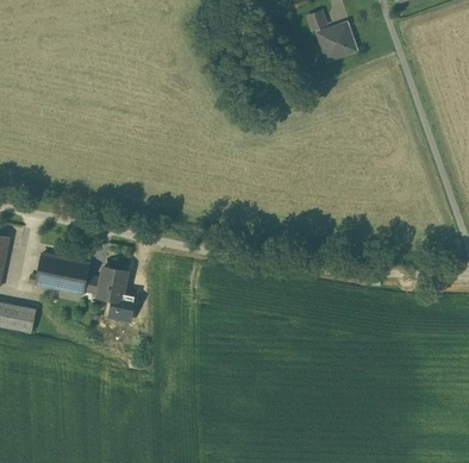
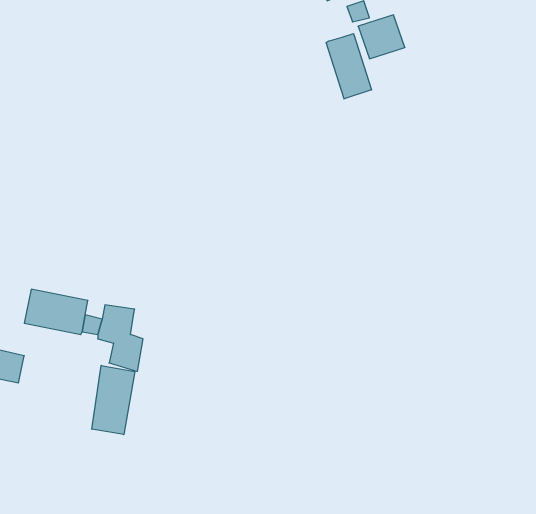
building: none -> [326,34,372,99]
building: none -> [92,365,135,435]

